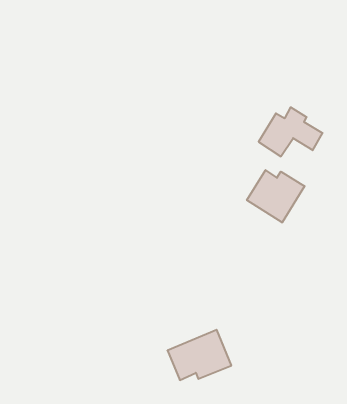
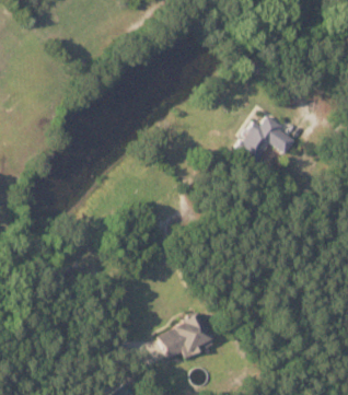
building: [247,170,305,223] -> none

